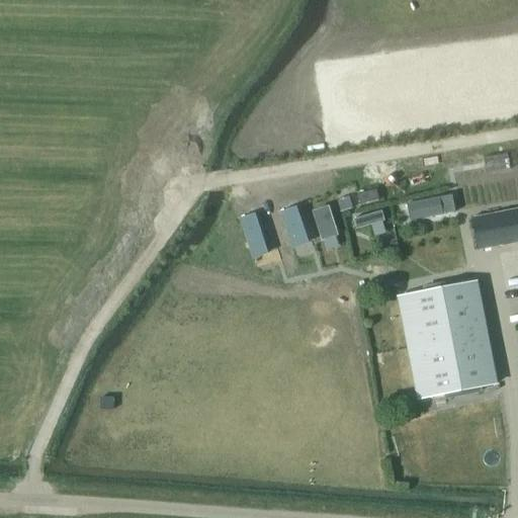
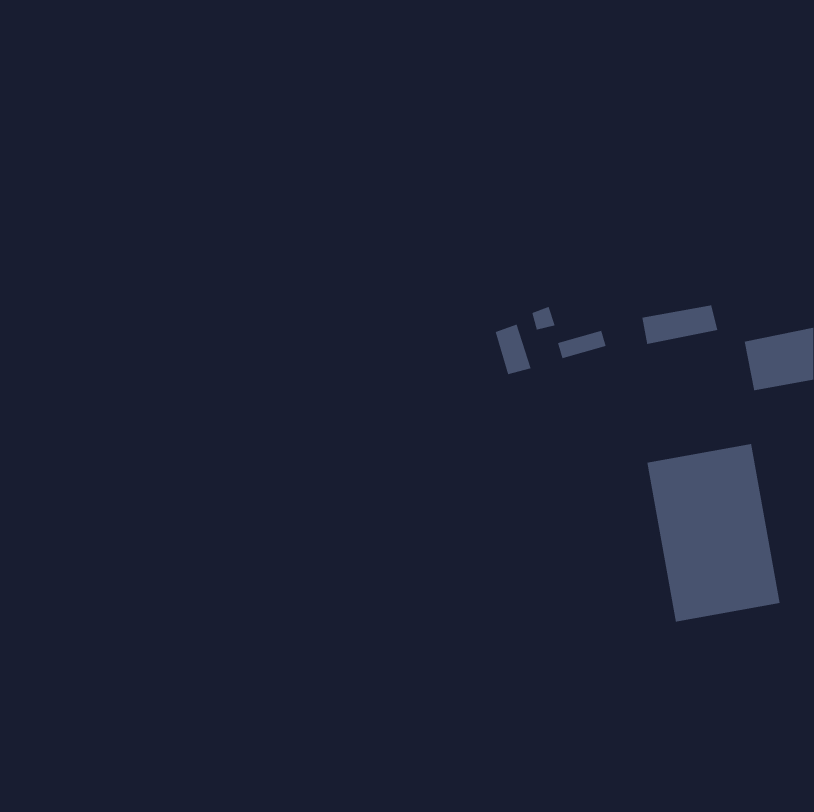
building: [279,204,308,246] -> none
building: [240,211,267,256] -> none

